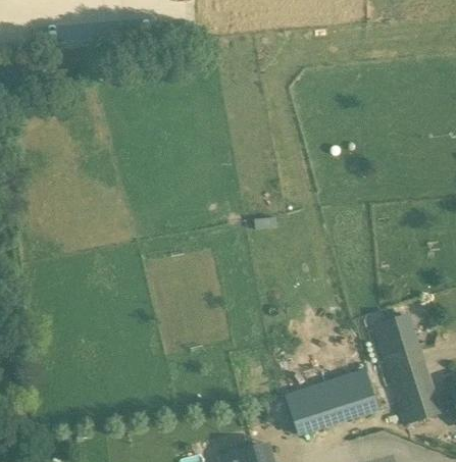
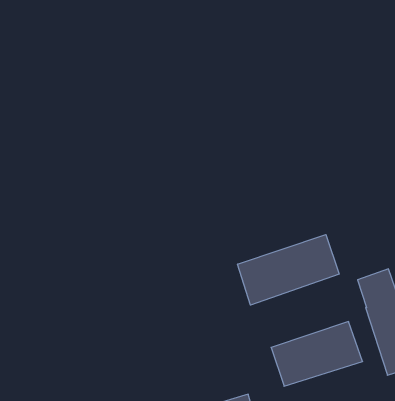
building: none -> [238,235,339,305]

